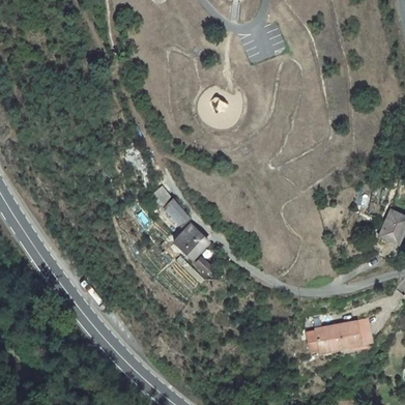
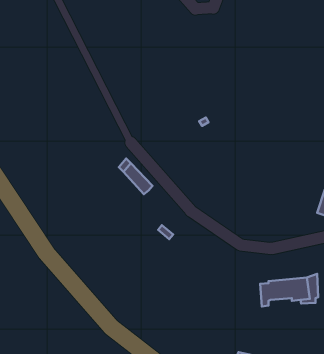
building: [173,227,208,262] -> none

